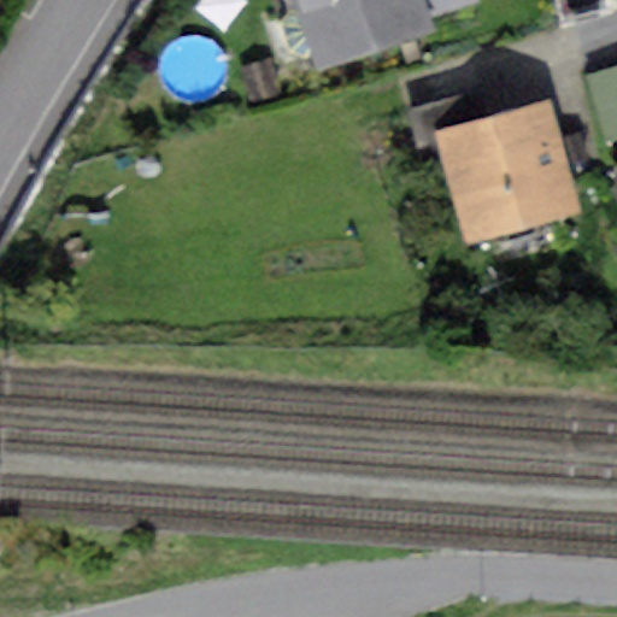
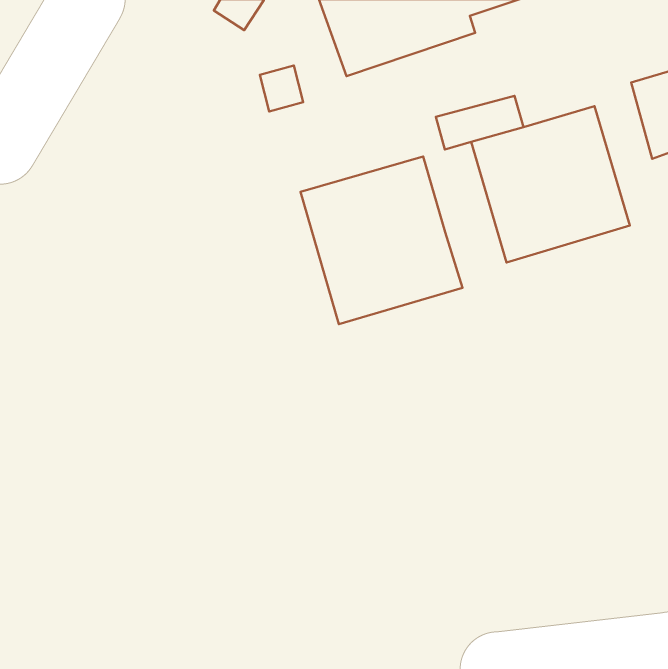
building: none -> [301,156,463,324]

